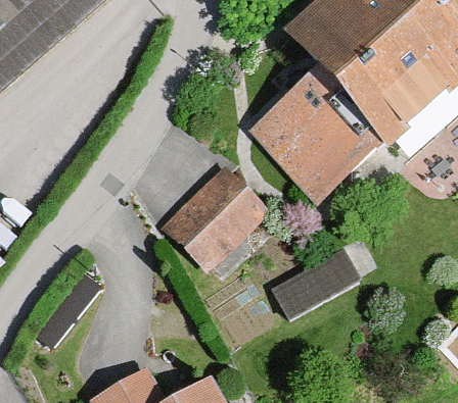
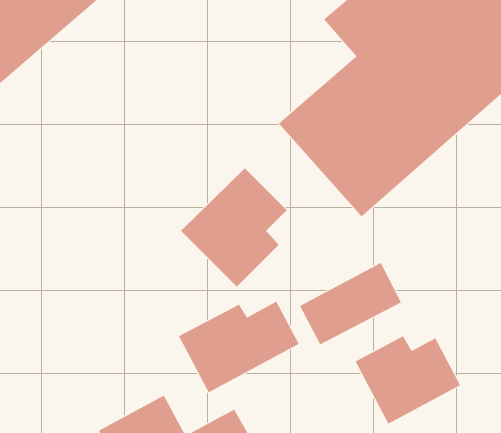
building: none -> [178,301,299,393]
building: none -> [355,336,461,425]

